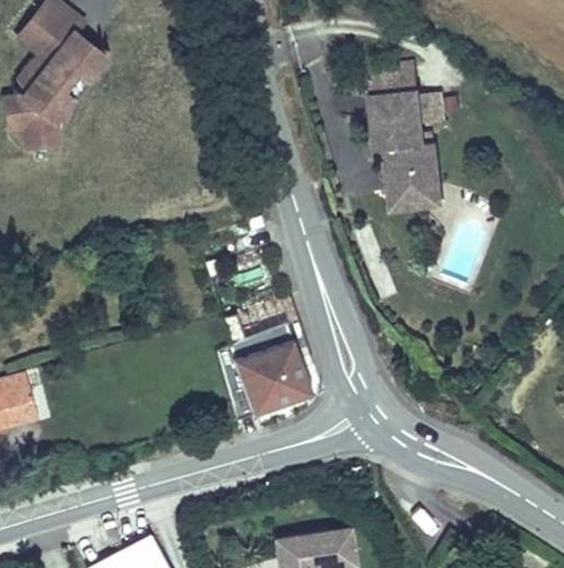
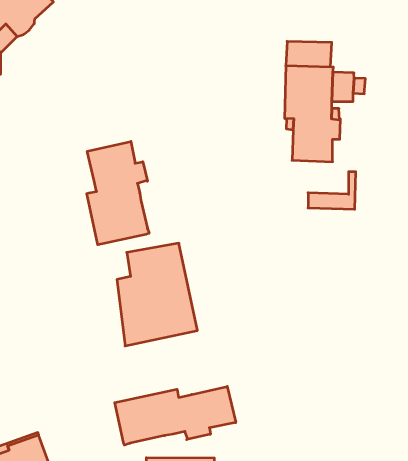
building: [390,165,443,212] -> [308,172,356,209]
building: none -> [87,141,149,245]
building: none -> [115,386,236,445]

